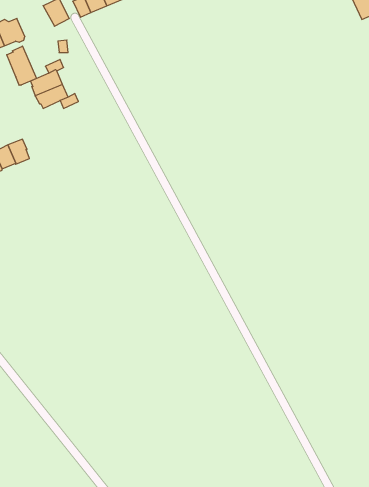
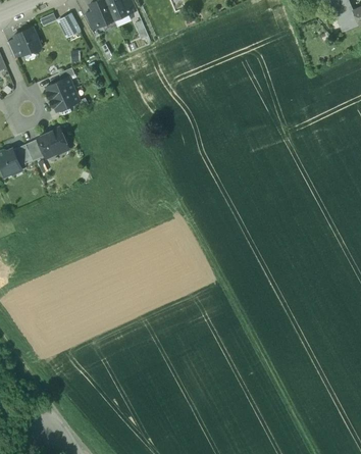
building: [7,46,37,85] -> none
building: none -> [38,128,67,158]

